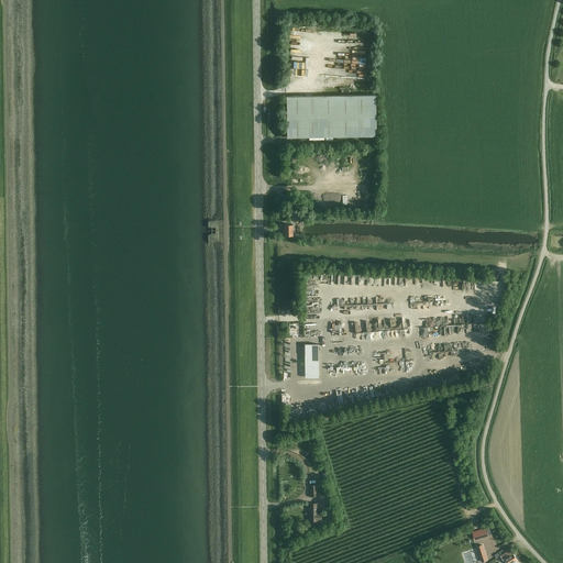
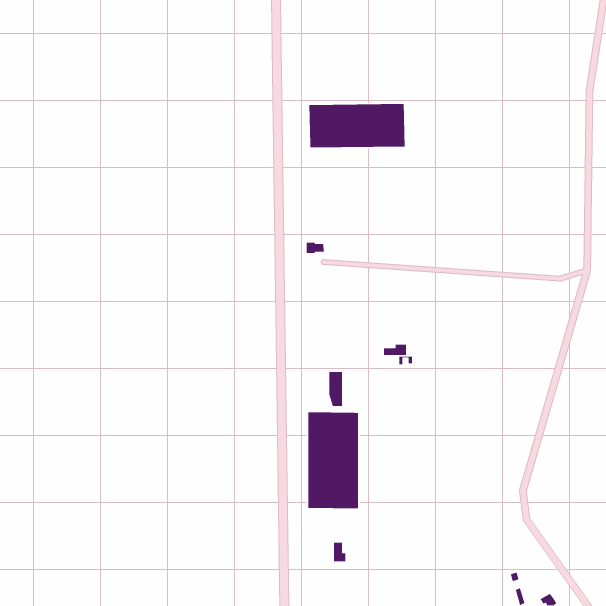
building: none -> [308,412,359,509]

